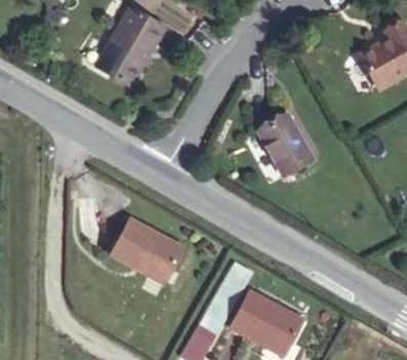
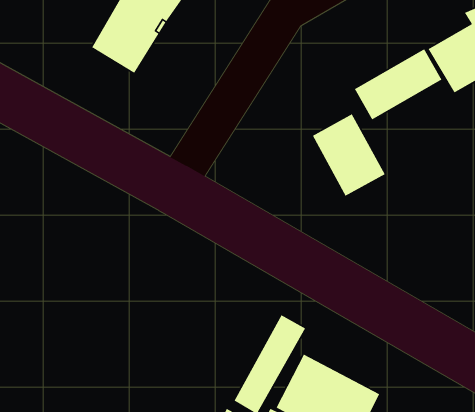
building: none -> [354,48,442,121]
building: [112,215,188,285] -> none

